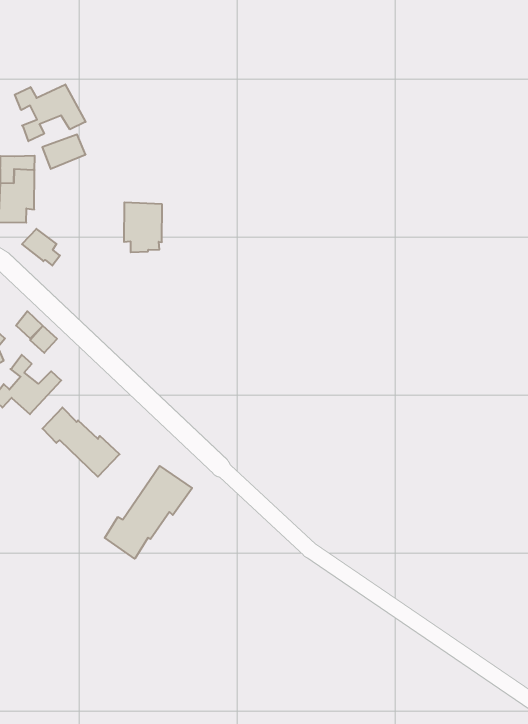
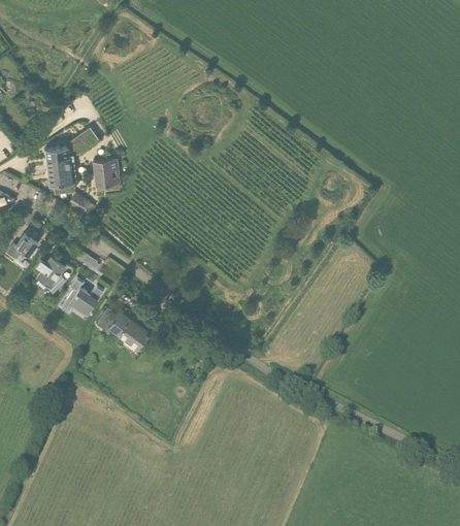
building: [15,84,86,141] -> none
building: [124,202,162,252] -> [93,157,121,191]
building: [105,466,192,559] -> none

